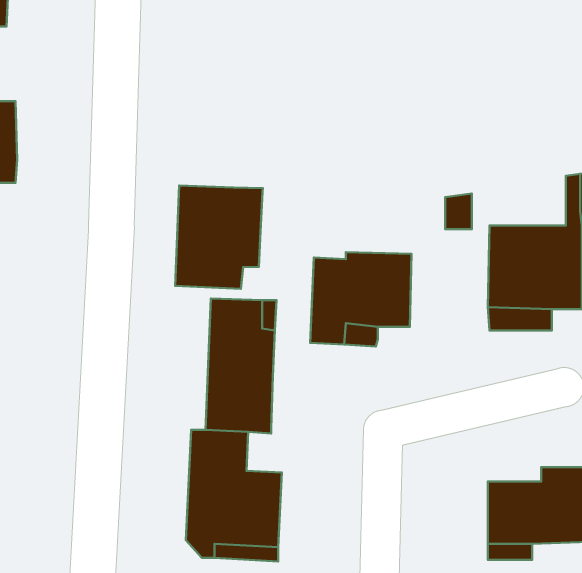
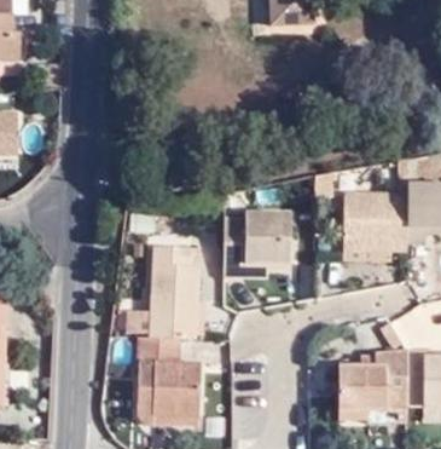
building: [175,185,263,289] -> none

